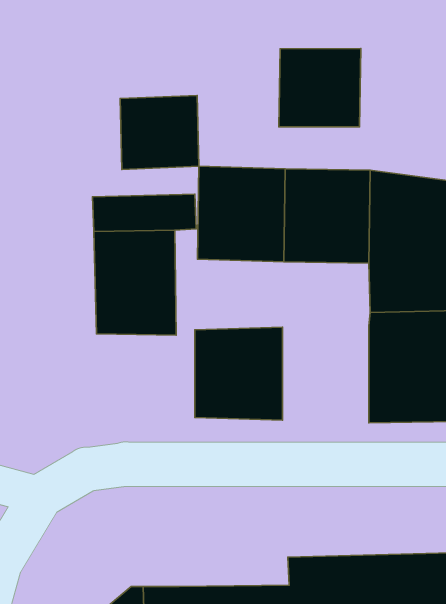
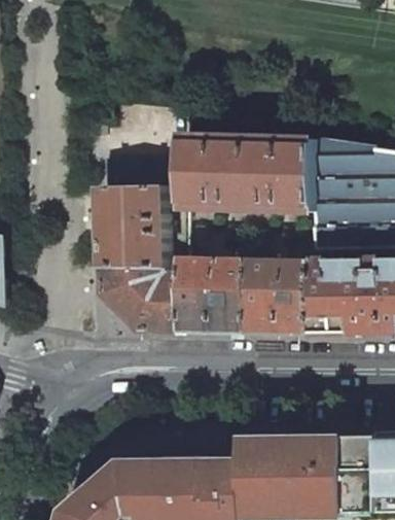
building: [279,49,361,127] -> none
building: [120,95,199,169] -> none
building: none -> [242,261,309,335]
building: none -> [98,266,174,331]

